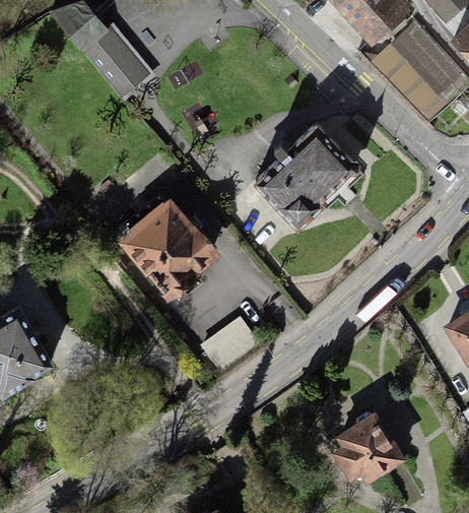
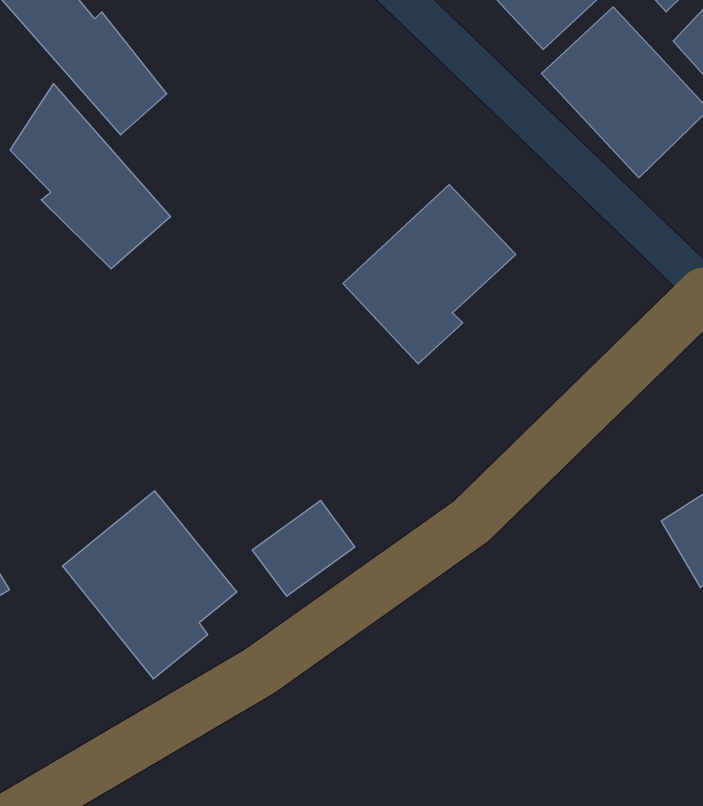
building: none -> [10,84,171,269]
building: [115,196,218,308] -> [62,491,237,679]
building: [331,411,405,484] -> none

